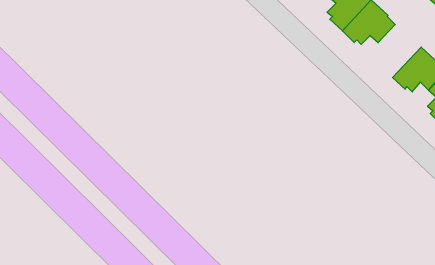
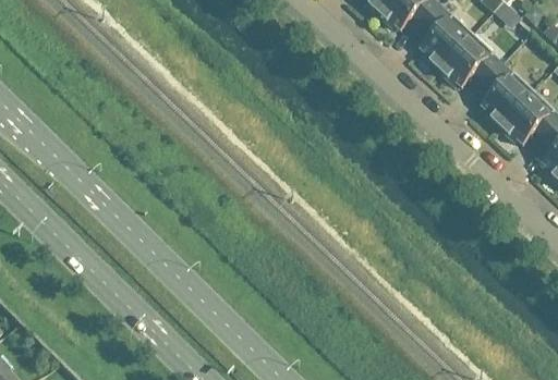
building: none -> [481,64,534,128]

